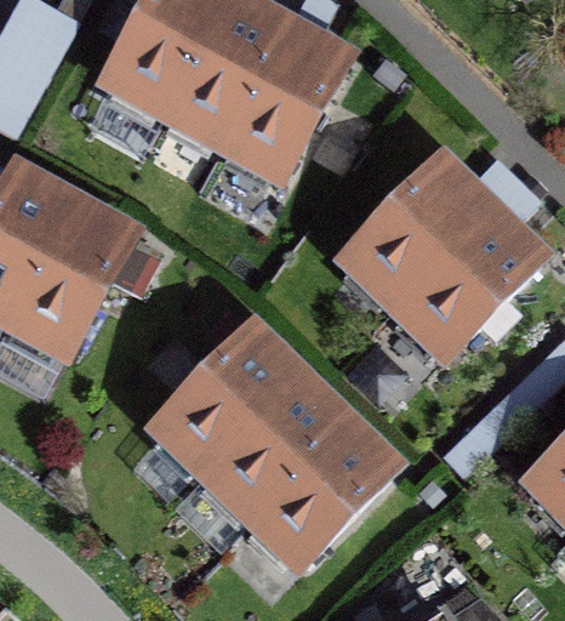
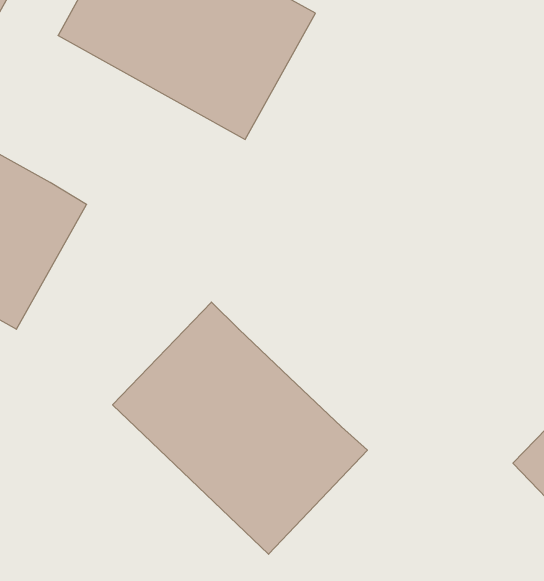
building: [344,164,538,355] -> none

